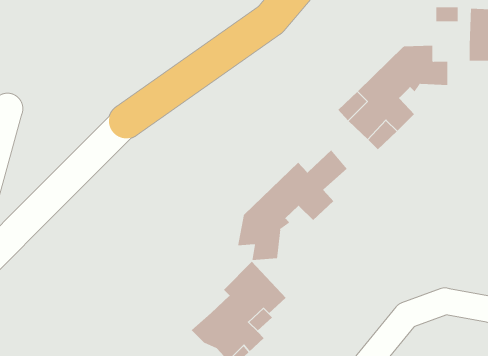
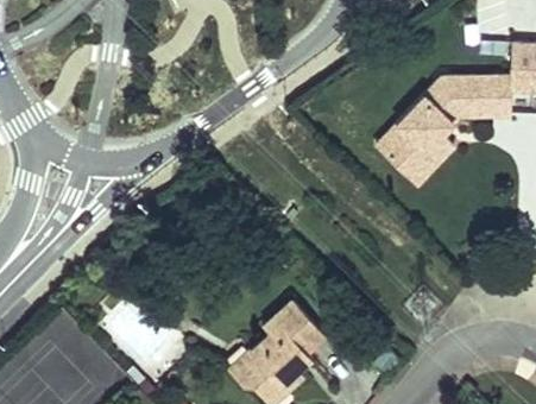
building: none -> [475,77,512,119]
building: [237,149,348,261] -> none

